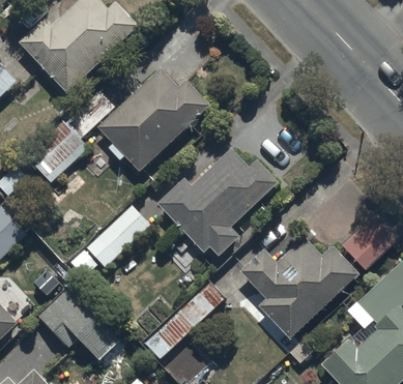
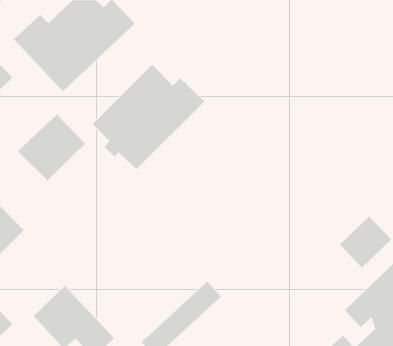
building: [155,149,279,257] -> none
building: [83,204,150,269] -> none
building: [241,237,356,337] -> none

